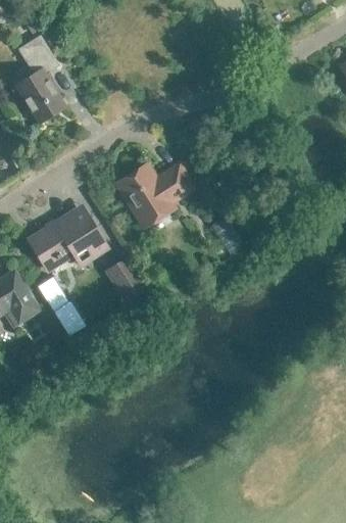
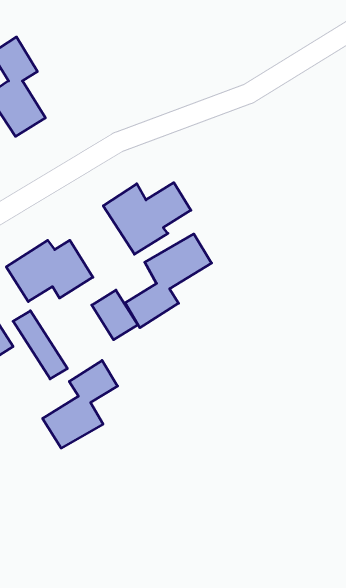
building: none -> [125,234,212,328]
building: none -> [43,360,118,448]

